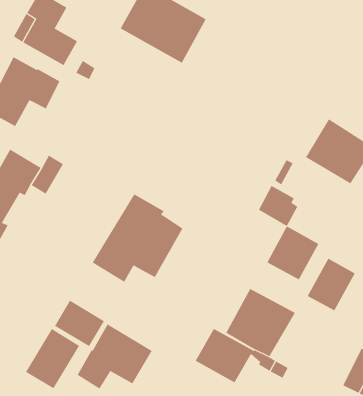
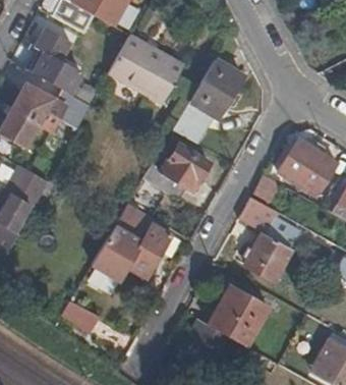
building: none -> [173,57,242,142]
building: none -> [141,145,210,203]
building: [307,258,355,311] -> none
building: [77,324,152,390] -> none
building: [26,328,80,389] -> none

